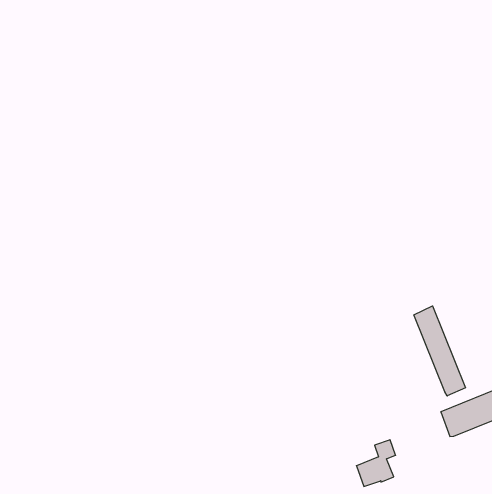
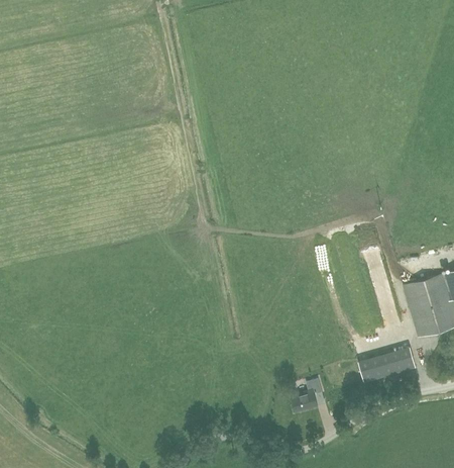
building: [414,306,465,396] -> none

